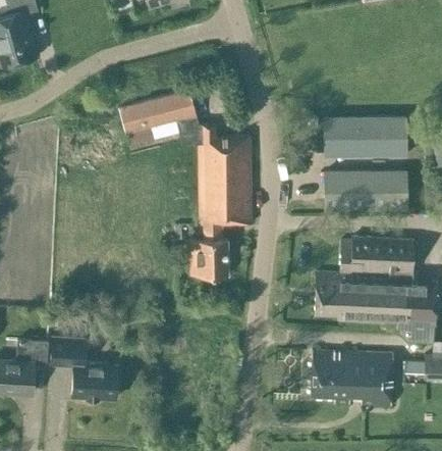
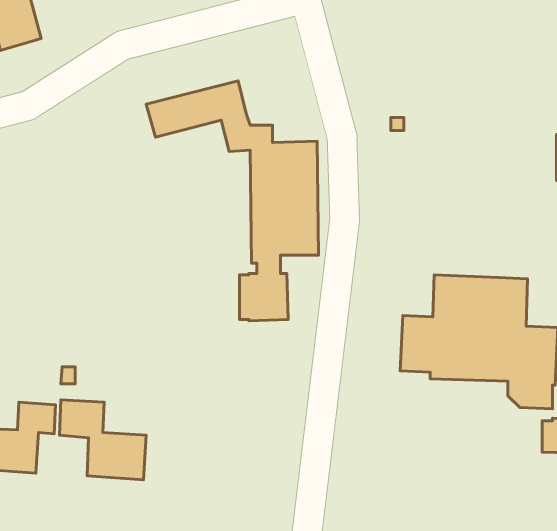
building: [325,117,406,156] -> none
building: [325,170,406,209] -> none
building: [312,350,393,406] -> none

